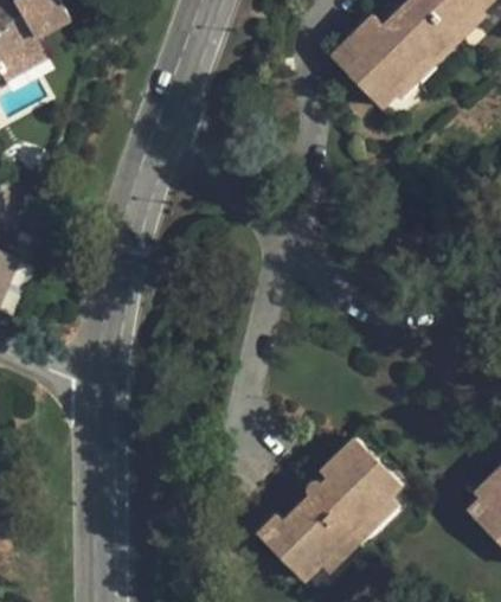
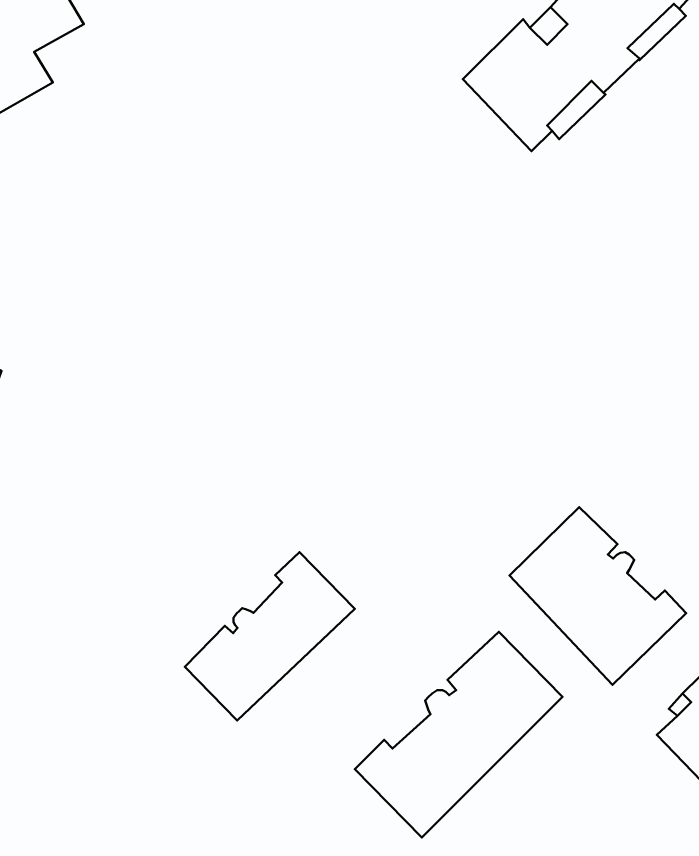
building: none -> [509,507,686,685]
building: none -> [185,552,355,721]

